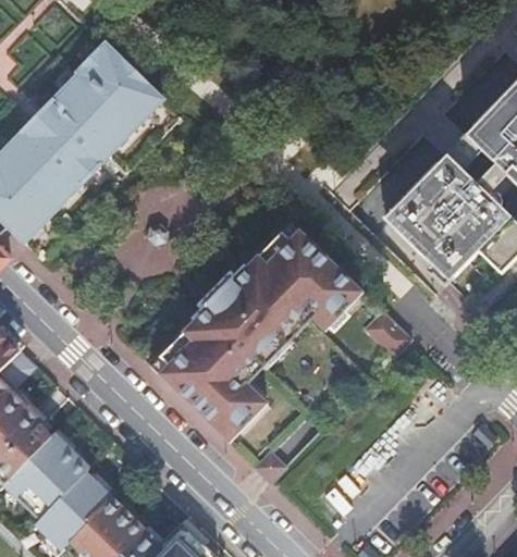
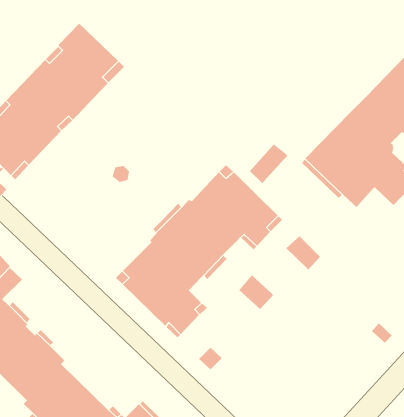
building: none -> [249,143,288,184]
building: none -> [238,274,275,310]

